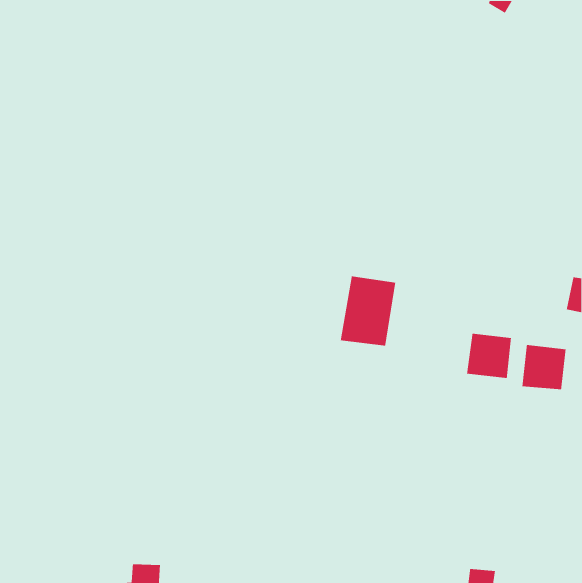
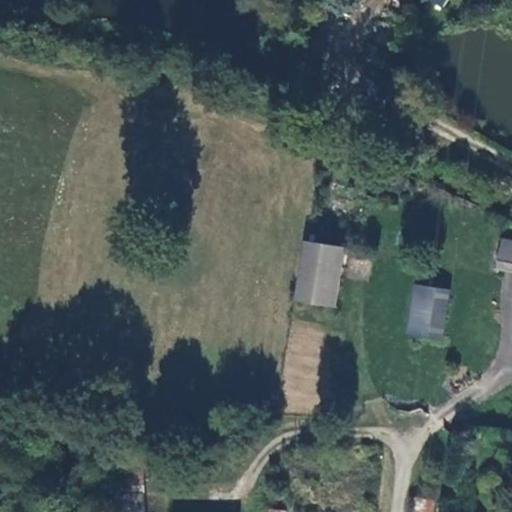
building: [521,344,566,390] -> none

